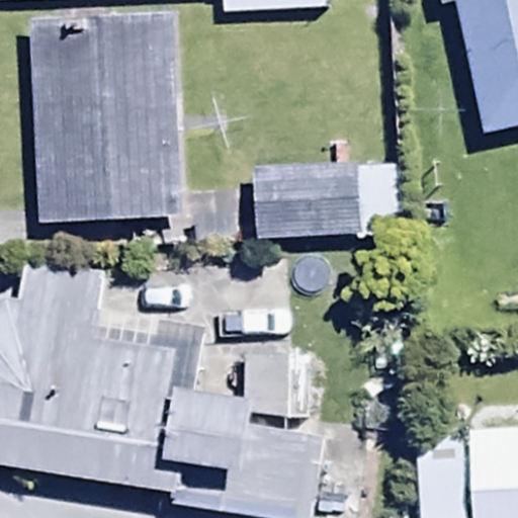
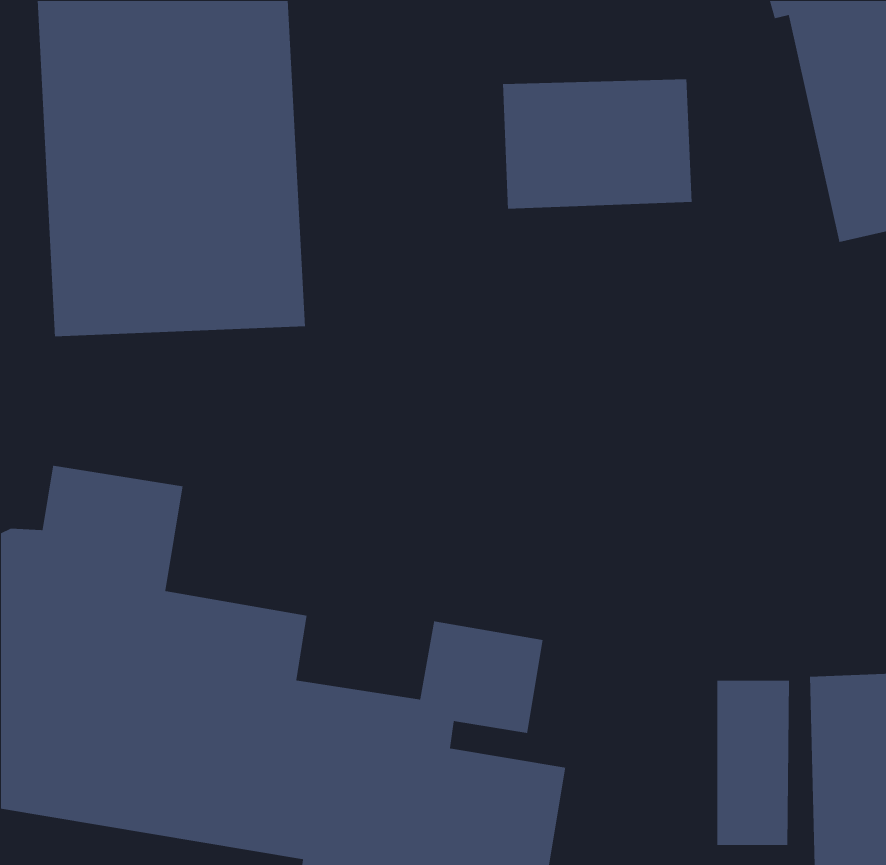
building: [252,146,362,222] -> [502,78,692,209]

